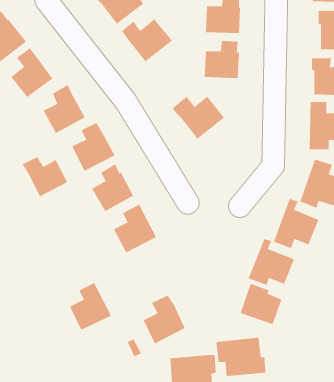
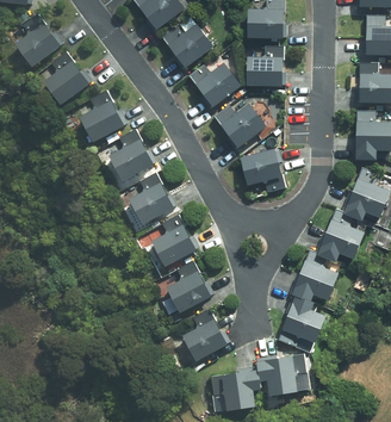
building: none -> [187,61,241,106]
building: none -> [240,145,284,192]
building: [22,156,68,197] -> none
building: [69,282,112,331] -> [167,261,211,311]

